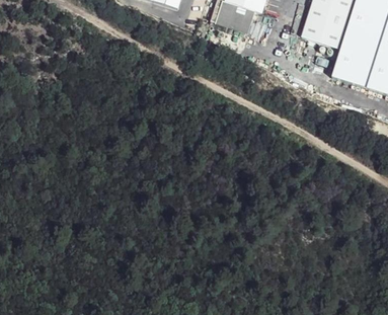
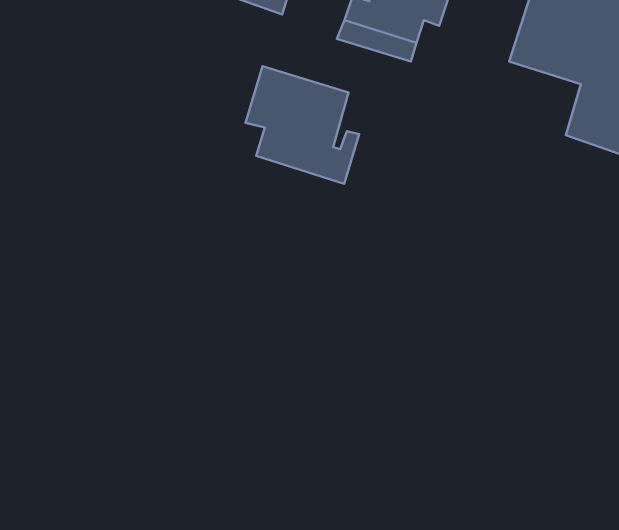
building: none -> [246,66,359,184]

